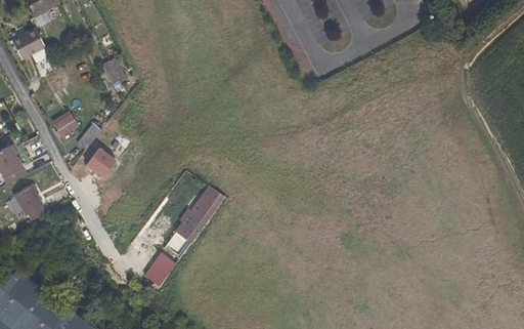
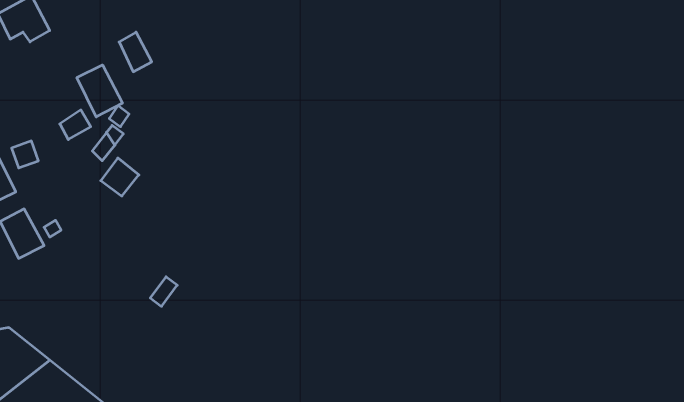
building: none -> [77,65,122,117]
building: [174,184,224,244] -> none
building: [143,257,171,286] -> none

